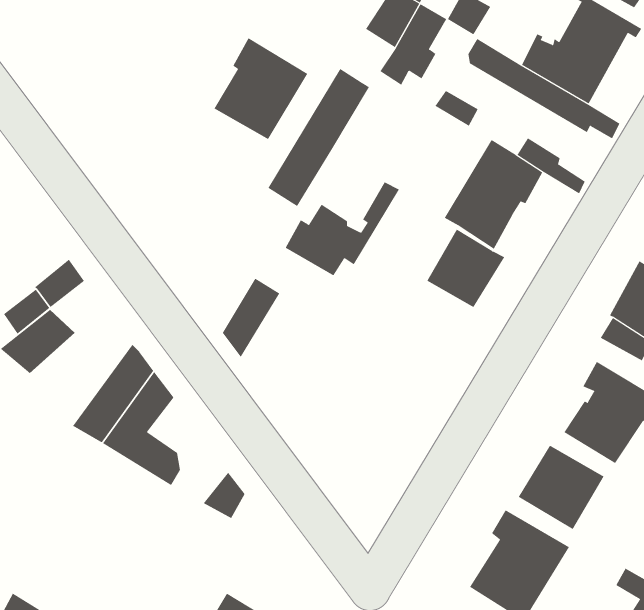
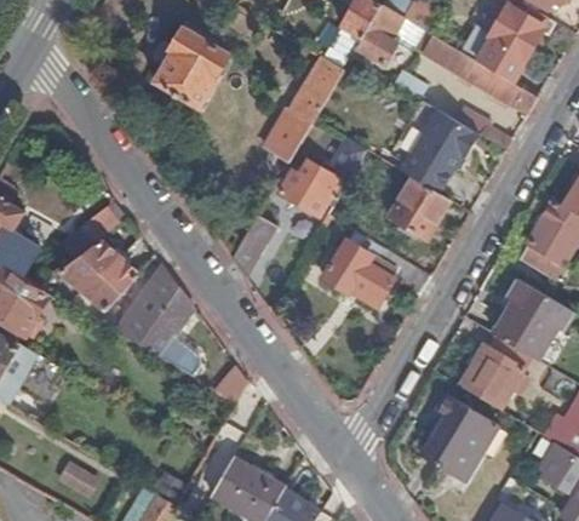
building: [214,37,308,140] -> [154,27,227,105]
building: none -> [321,239,391,310]
building: none -> [82,258,137,310]

